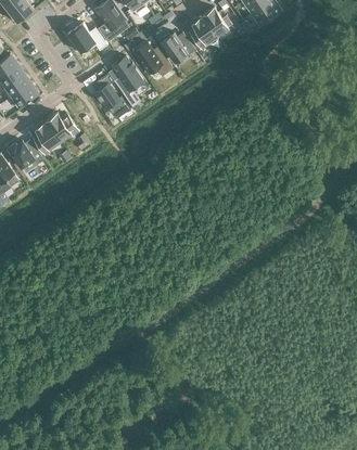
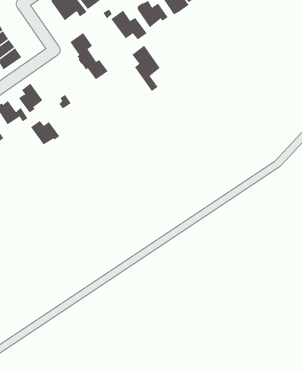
building: [111,55,142,106] -> [131,45,161,92]
building: [46,113,78,140] -> [30,120,60,145]

